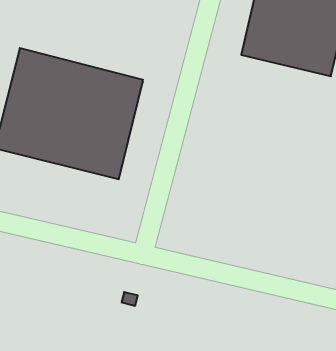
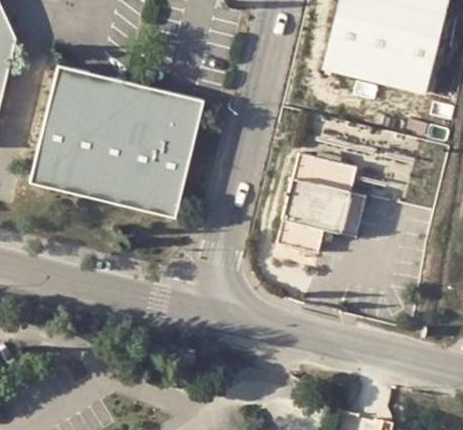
building: none -> [279,150,369,251]

